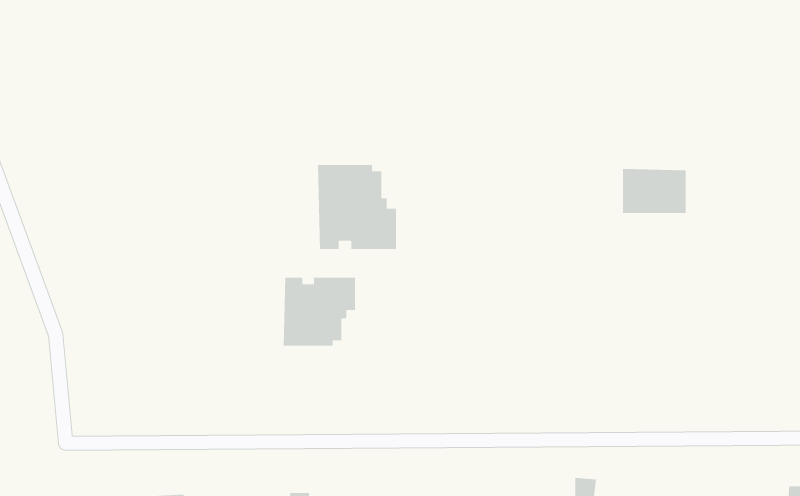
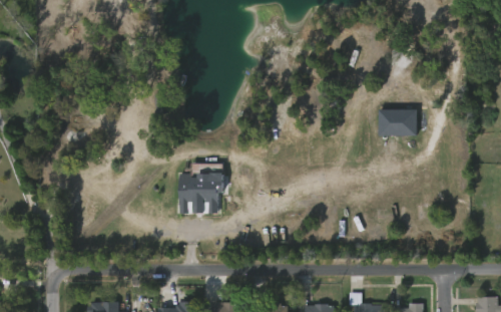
building: [317,164,397,250] -> none

